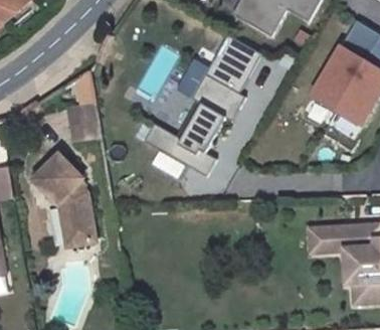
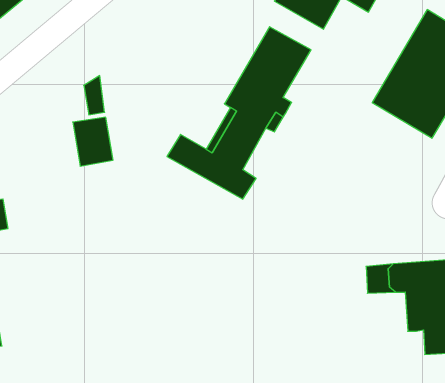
building: [32,156,91,249] -> none

